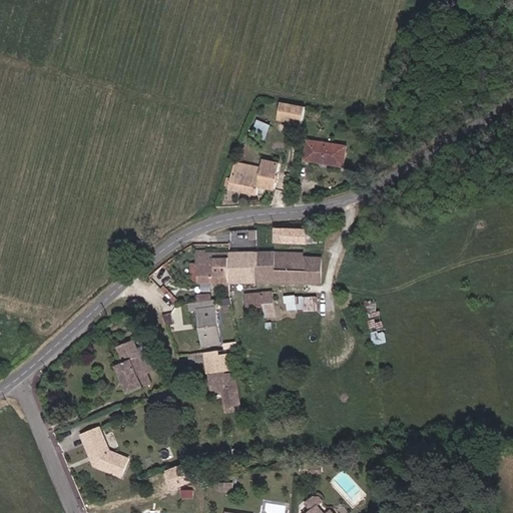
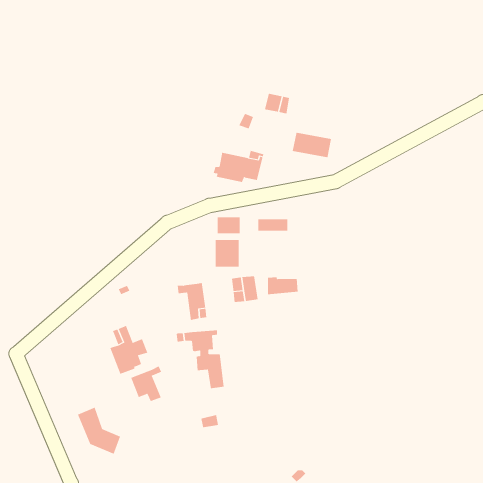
building: [193,252,226,282] -> none
building: [252,252,320,282] -> none
building: none -> [131,365,162,402]

